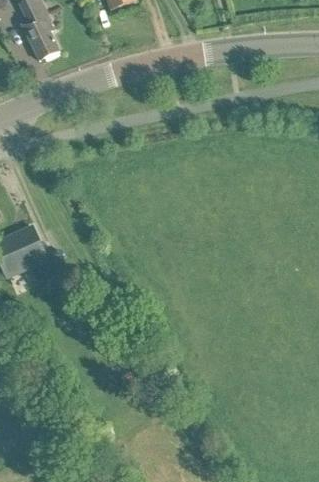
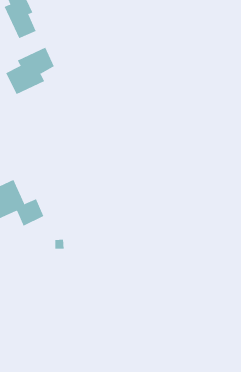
building: none -> [5,47,55,95]

